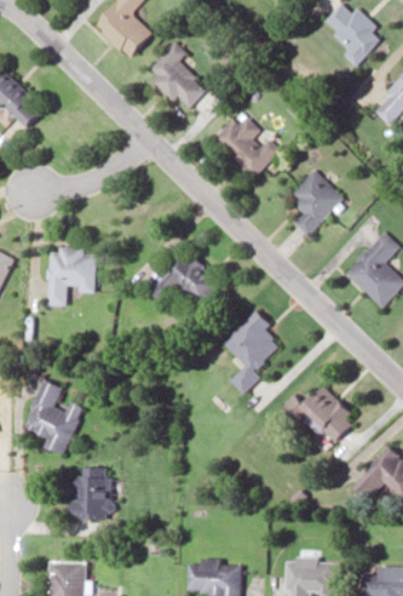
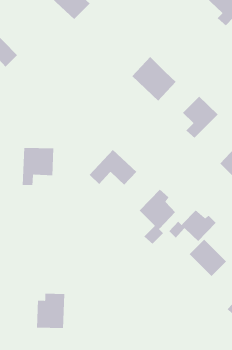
building: [149,42,205,108] -> none
building: none -> [169,210,216,242]
building: [23,379,82,455] -> none

